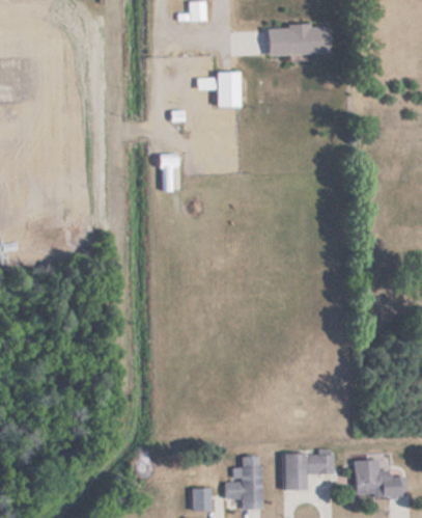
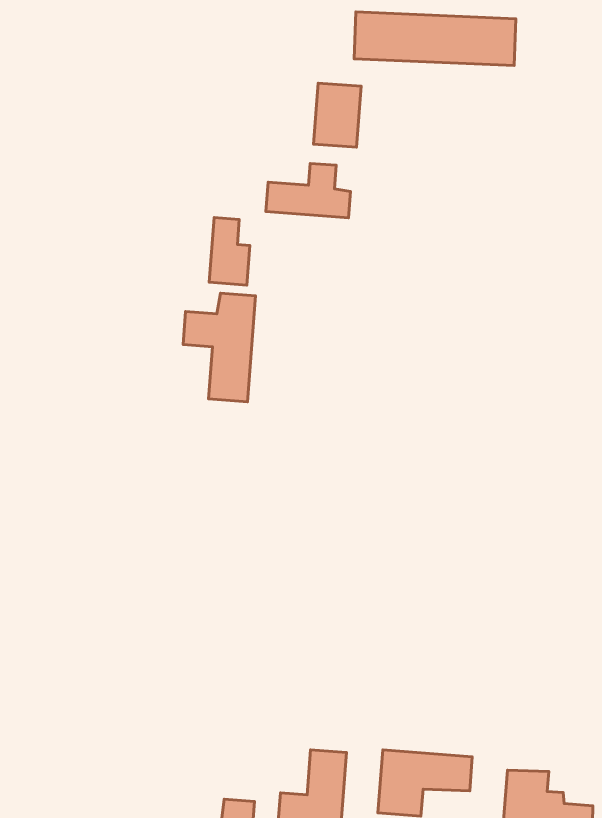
building: none -> [266,163,350,218]
building: none -> [183,293,255,402]

